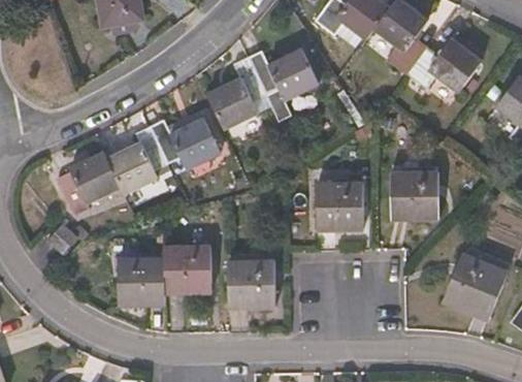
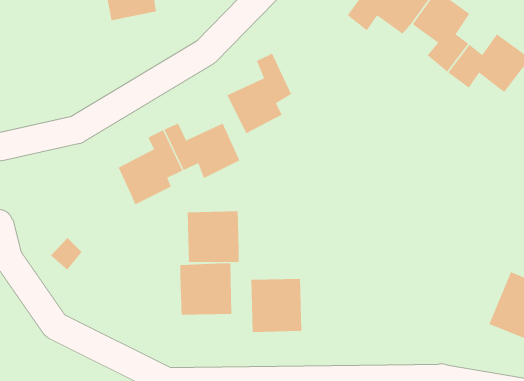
building: [248,50,317,119] -> none
building: [58,152,121,215] -> none
building: [391,171,436,219] -> none
building: [316,183,364,229] -> none
building: [118,257,165,304] -> [187,211,240,262]

